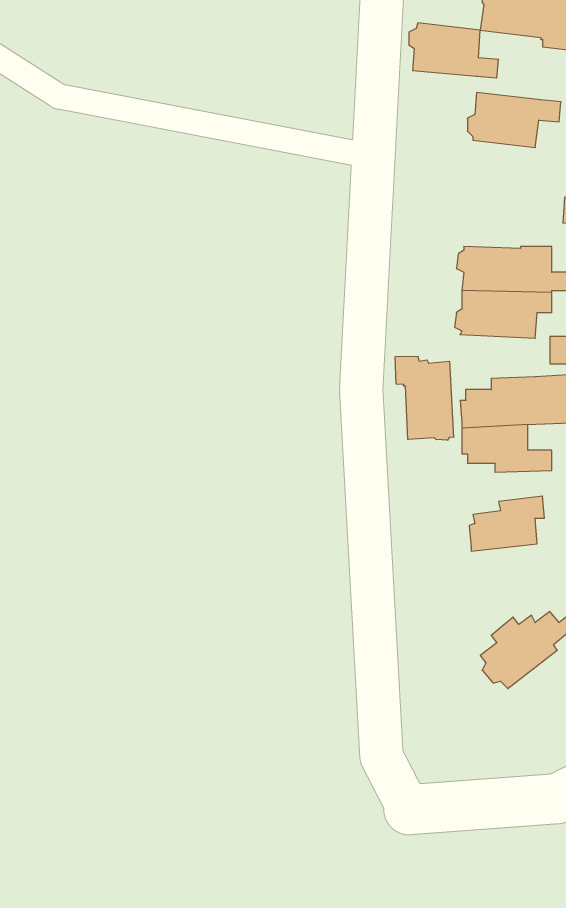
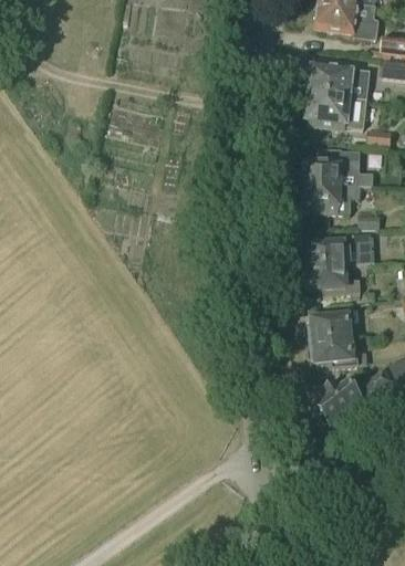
building: [409,23,499,78] -> [305,94,360,127]
building: [395,356,453,440] -> none
building: none -> [310,337,359,368]

